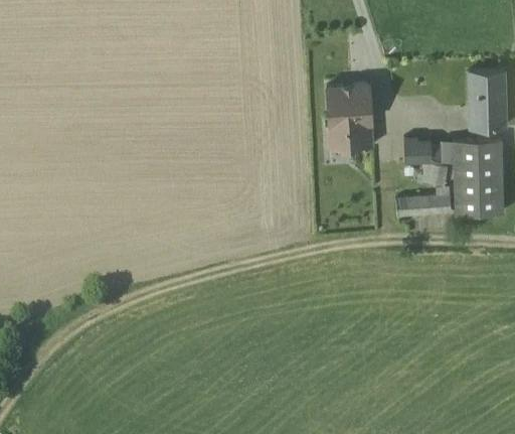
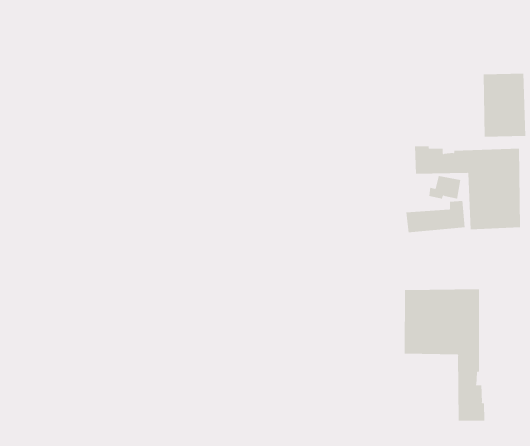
building: [325,83,375,149] -> none
building: none -> [404,289,485,422]

